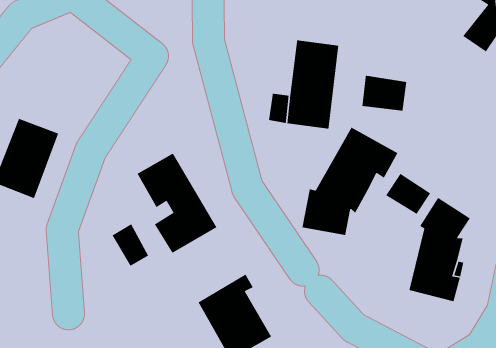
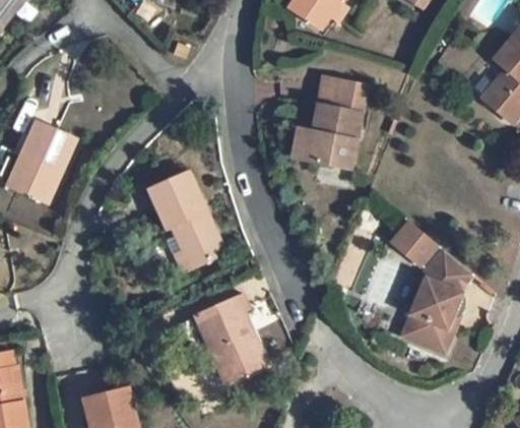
building: [361,75,407,112] -> none
building: [302,127,398,236] -> none
building: [111,223,149,267] -> none

